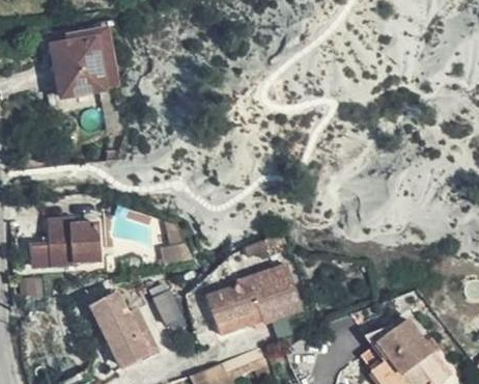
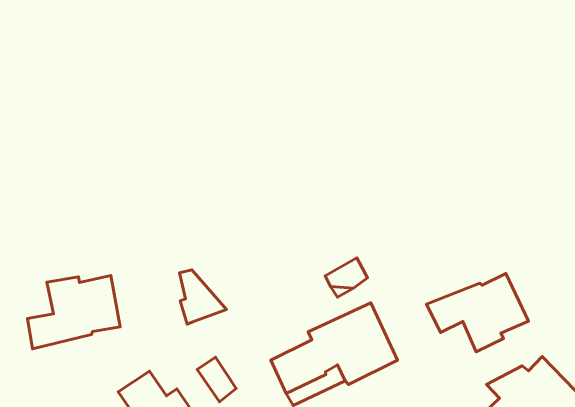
building: [51,25,115,93] -> none
building: none -> [427,274,529,352]

